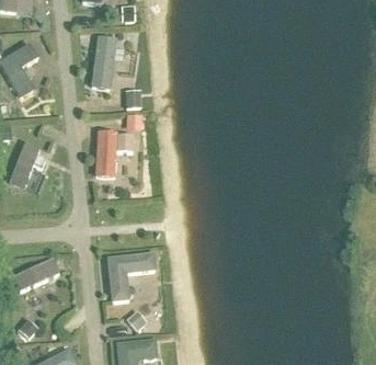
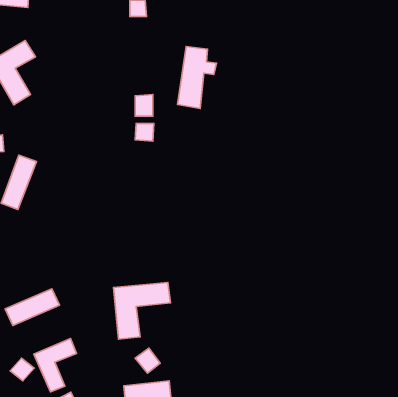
building: [90,35,124,89] -> [177,47,216,108]
building: [94,130,133,176] -> none
building: none -> [34,339,77,392]

